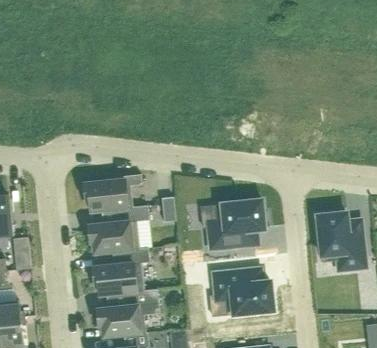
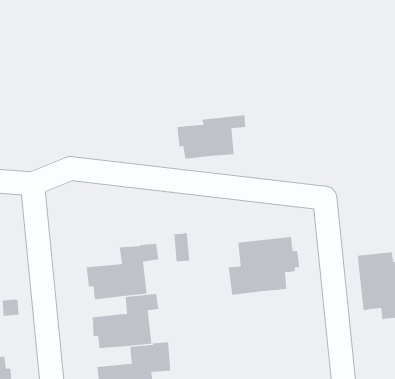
building: [83,174,142,212] -> [176,115,246,160]
building: [212,269,273,316] -> none

